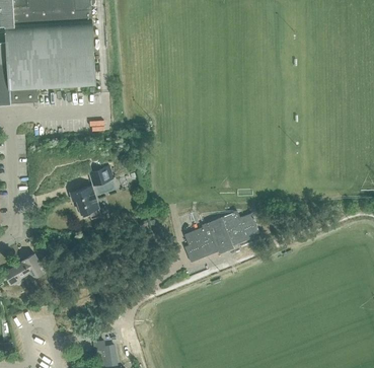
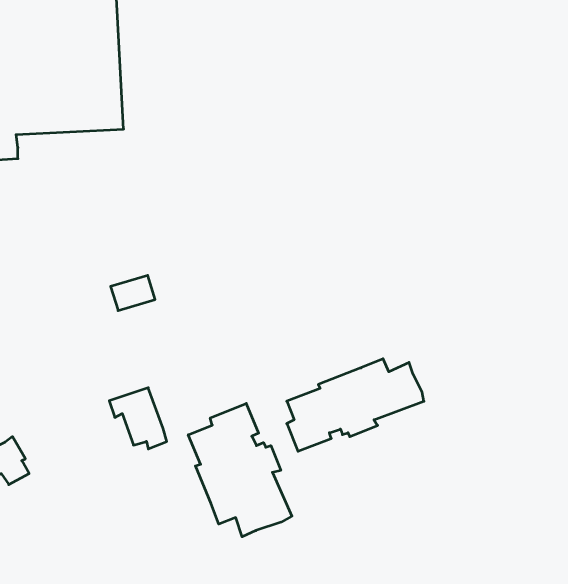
building: [70,186,101,219] -> [109,388,167,449]
building: none -> [188,403,292,537]

